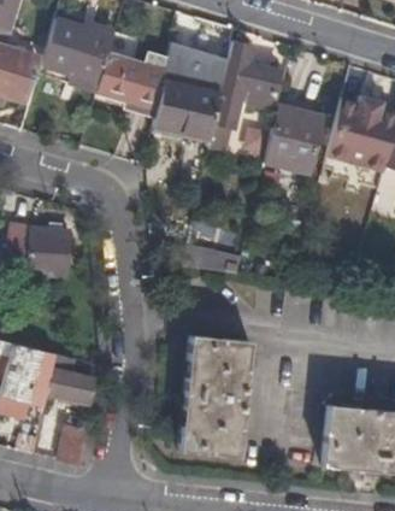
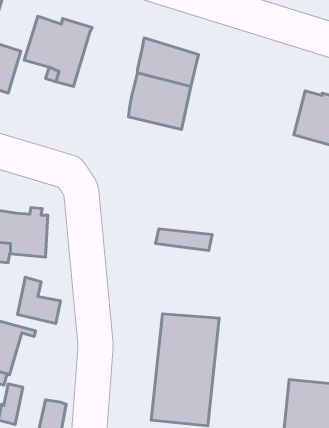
building: [207,41,279,148] -> none
building: [95,48,167,116] -> none
building: [264,104,322,172] -> none
building: [46,353,92,403] -> [17,277,60,324]

